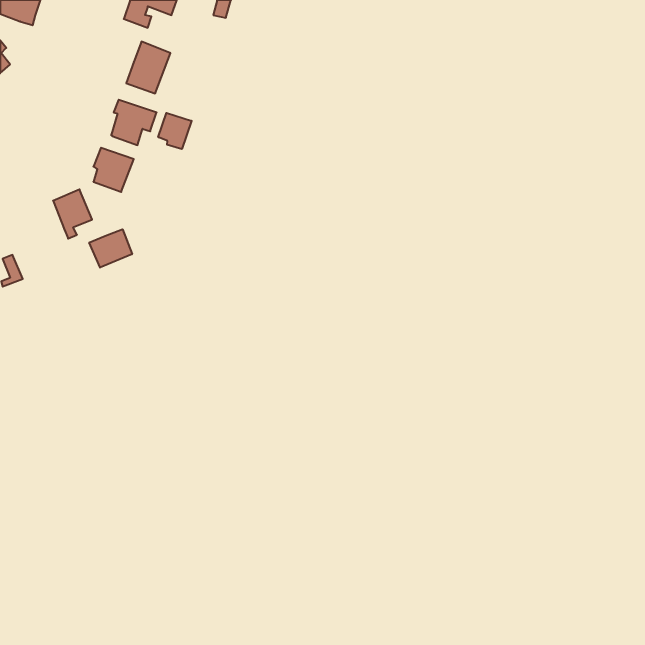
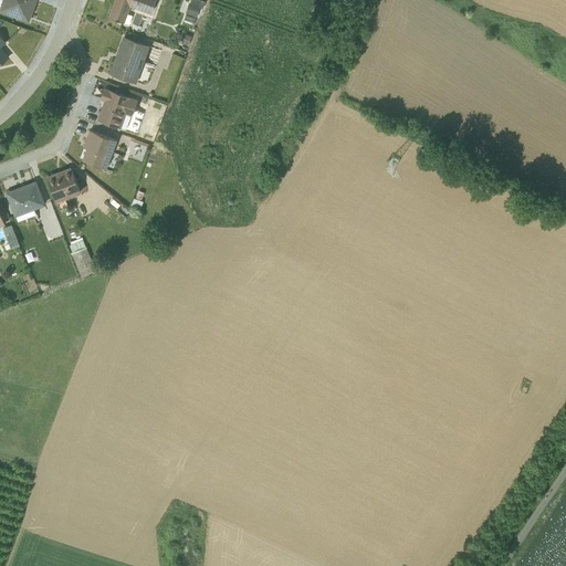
building: [158,113,192,149] -> none
building: none -> [4,179,45,217]
building: [89,229,132,268] -> none

